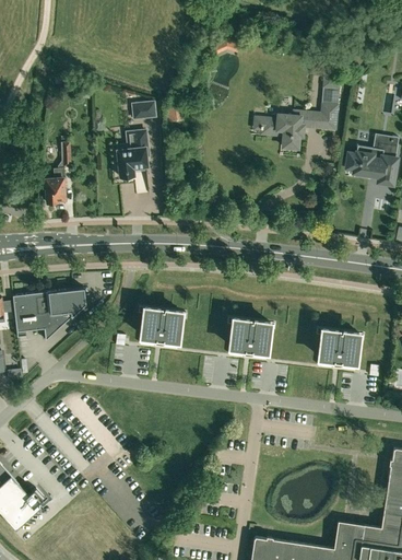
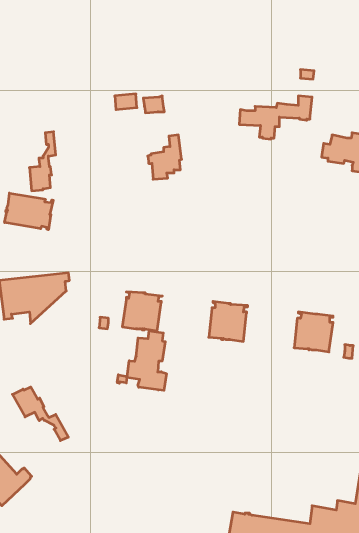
building: [114,131,149,177] -> [148,135,182,179]
building: none -> [5,193,53,230]
building: none -> [117,331,166,390]
building: none -> [12,387,68,441]

